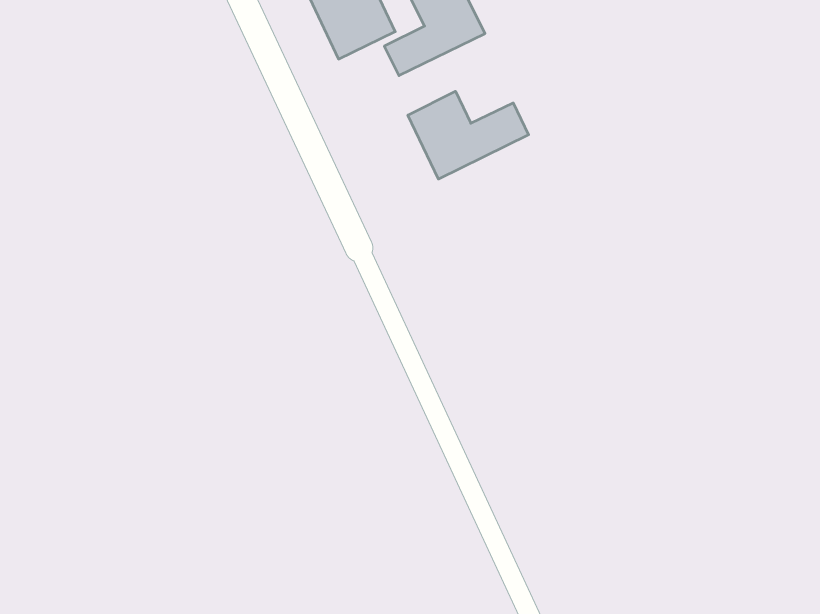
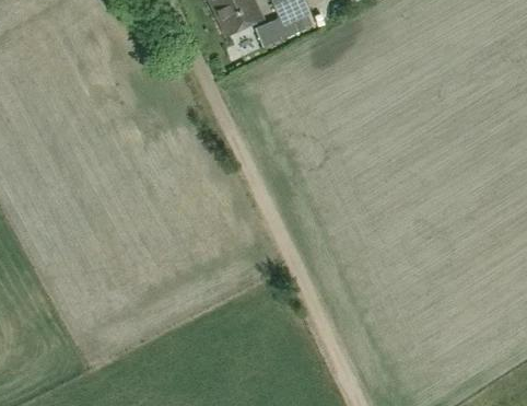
building: [408,91,529,179] -> none

